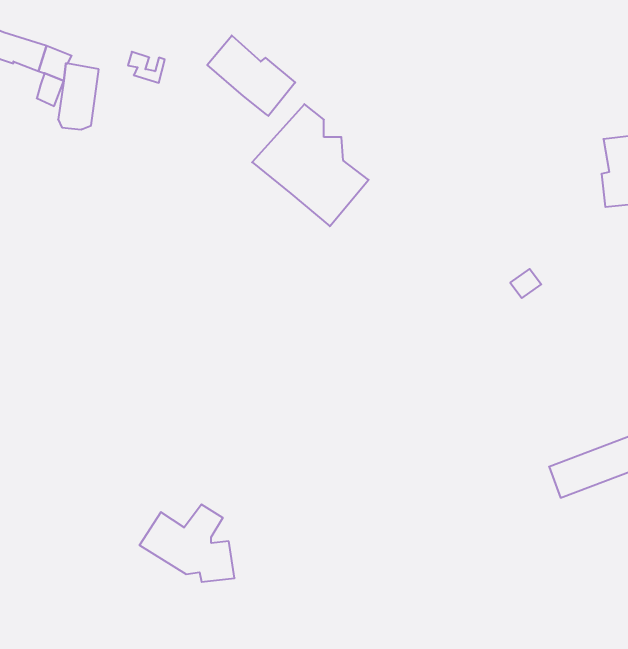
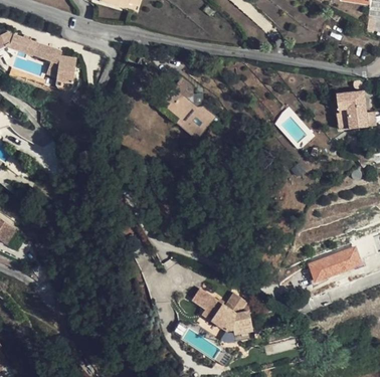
building: [207,35,295,116] -> none
building: [139,504,235,582] -> [195,293,244,333]

